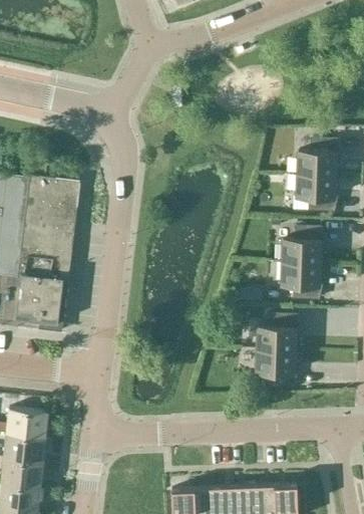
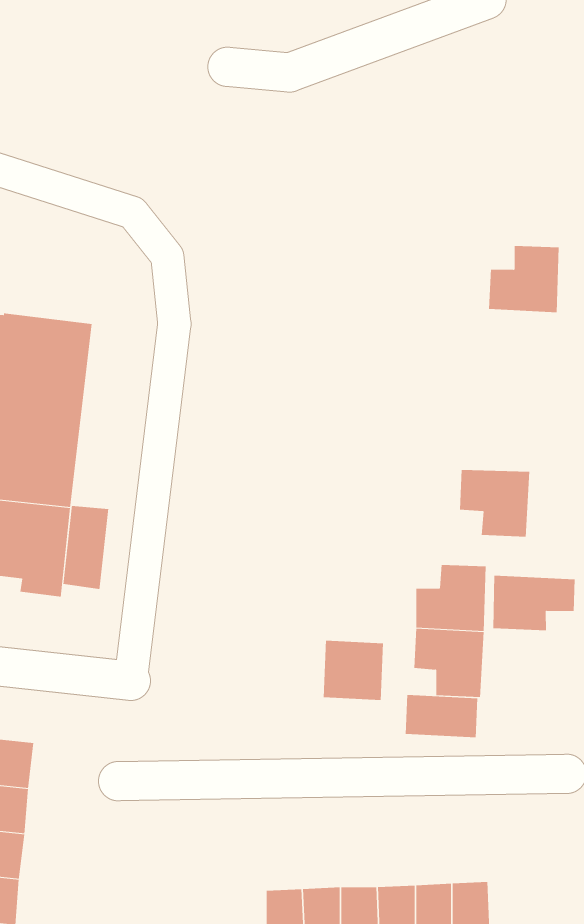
building: [296,173,335,211] -> none
building: [282,226,321,262] -> none
building: none -> [63,505,109,590]
building: none -> [493,575,575,631]
building: none -> [323,640,384,701]
building: none -> [405,694,478,738]

